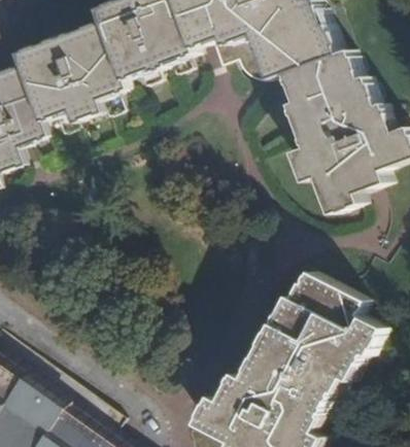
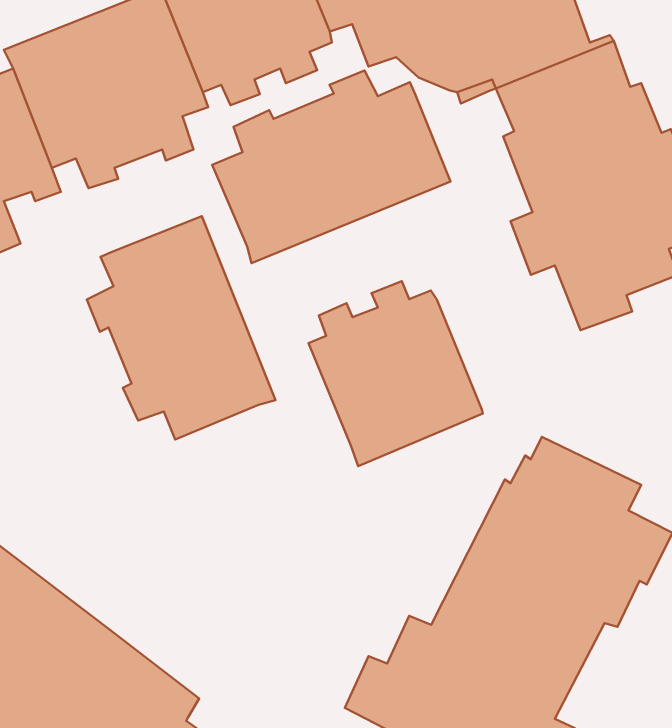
building: none -> [212,70,451,263]
building: none -> [87,216,275,439]
building: none -> [309,281,483,466]

